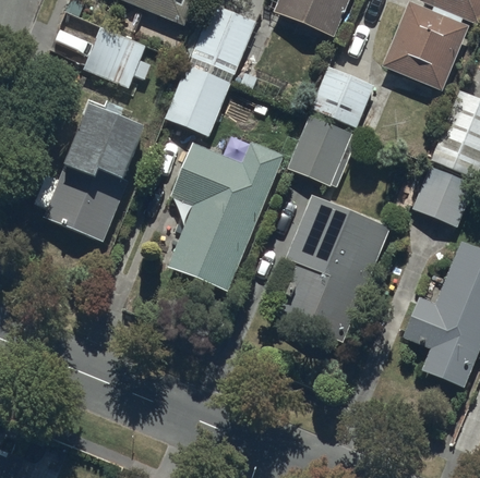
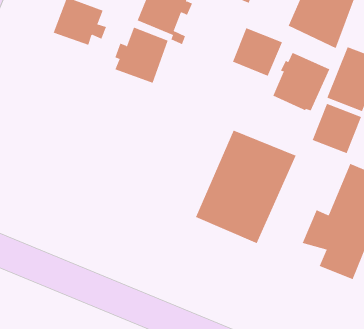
building: [43,100,143,243] -> none
building: [287,111,360,186] -> [273,52,330,111]
building: [167,140,285,292] -> none

